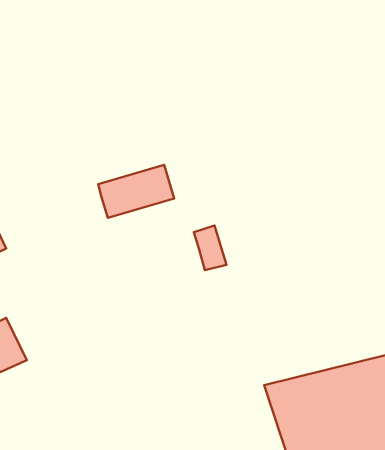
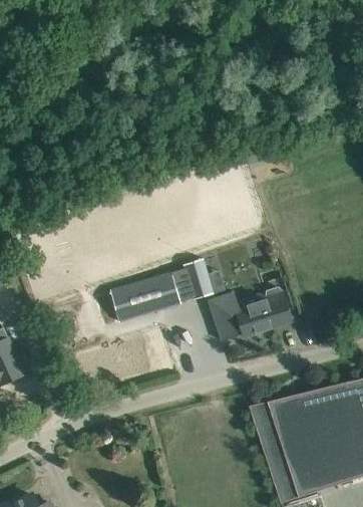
building: [98,165,174,218] -> [110,272,180,321]
building: none -> [209,287,293,341]

